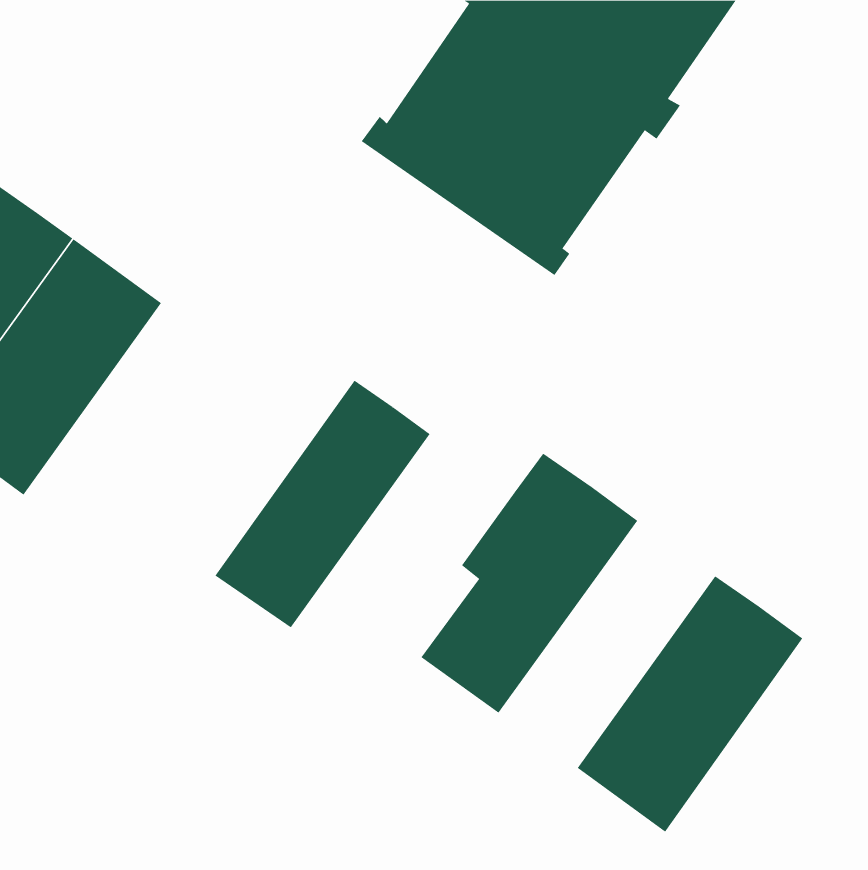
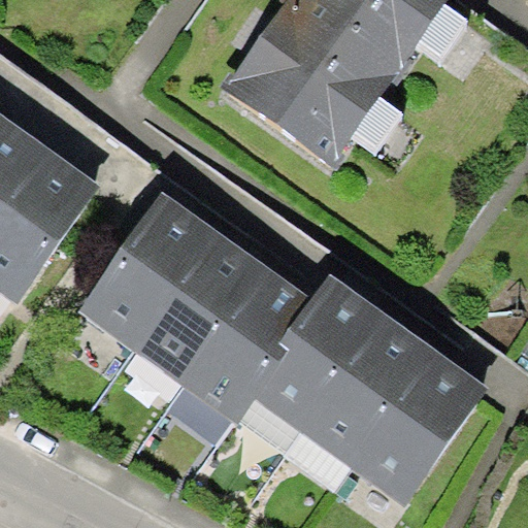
building: none -> [77,193,214,349]
building: none -> [176,263,311,424]
building: none -> [302,316,433,465]

